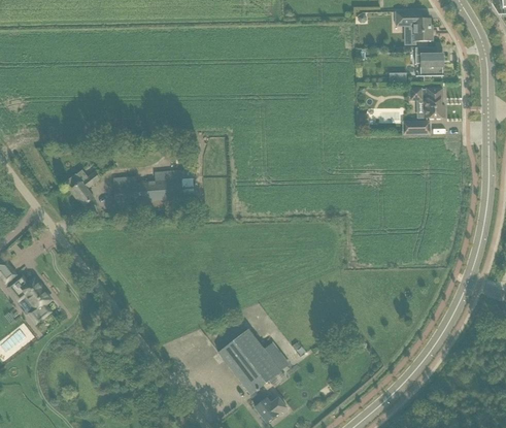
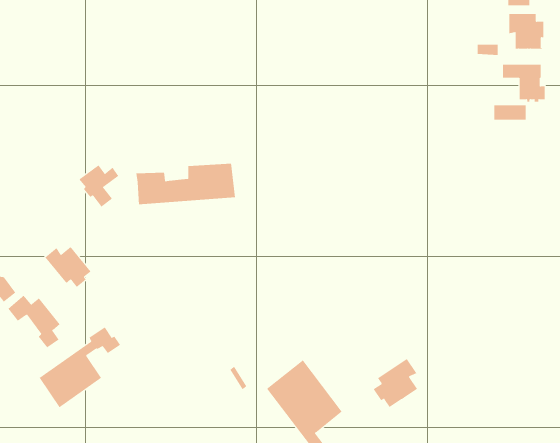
building: none -> [45,246,92,288]
building: none -> [39,326,121,408]
building: none -> [373,358,418,409]

